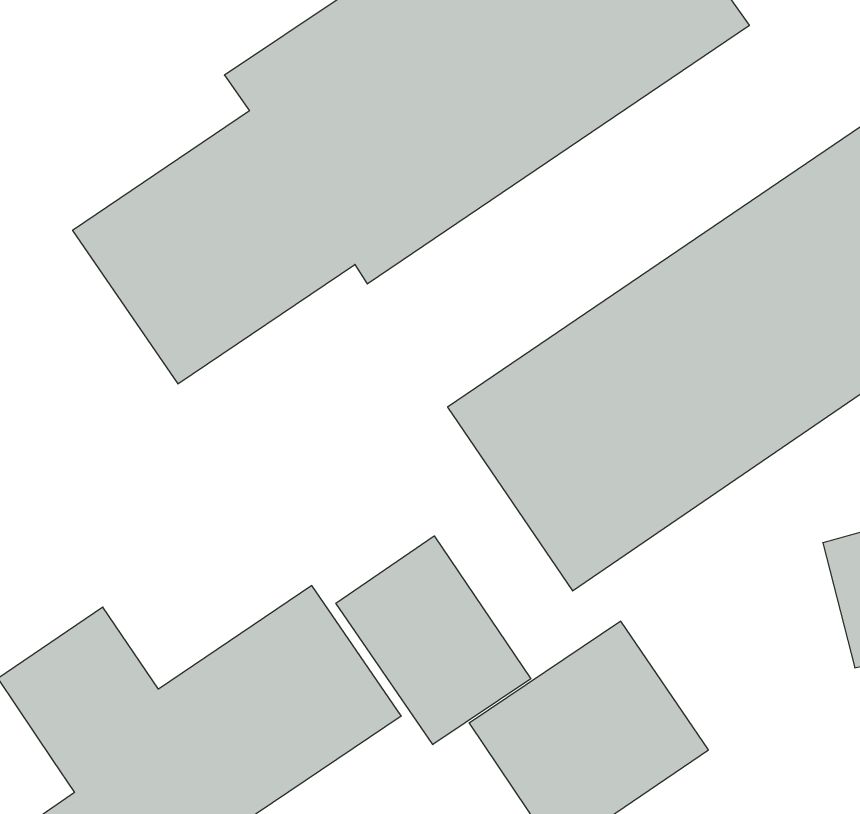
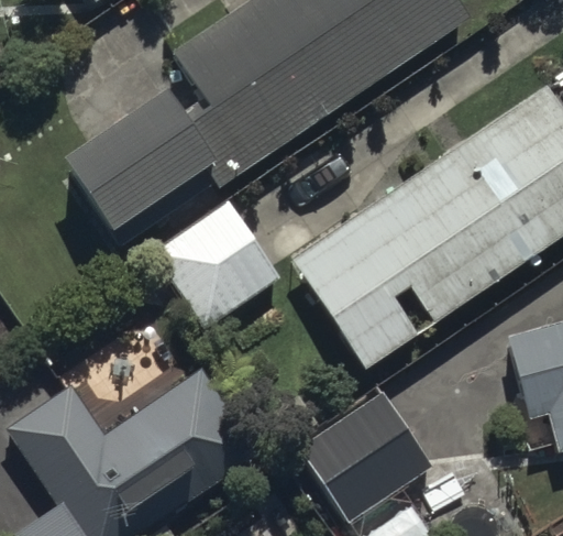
building: none -> [150,199,287,333]
building: [336,536,531,745] -> none

